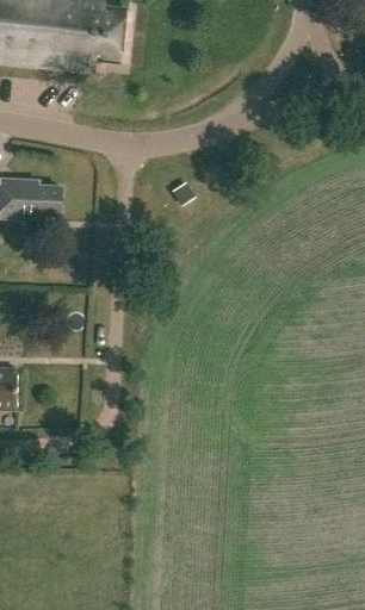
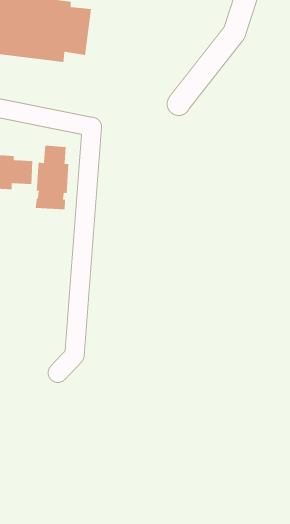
building: none -> [35,145,69,210]

